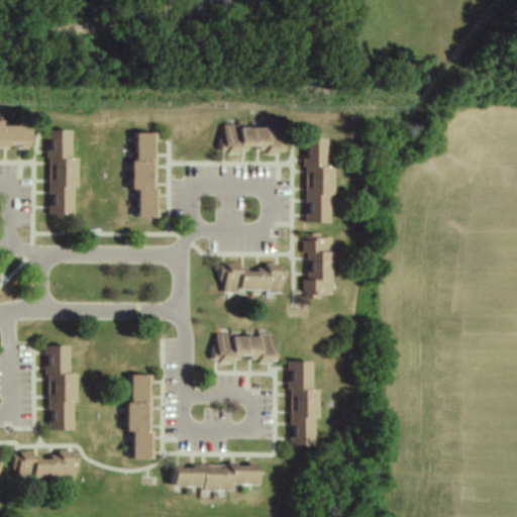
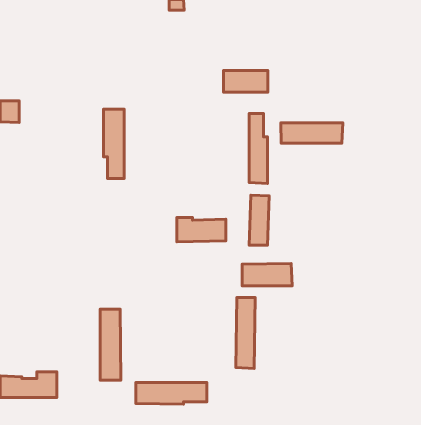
building: [222,125,276,151] -> [224,70,268,92]
building: [53,129,74,214] -> none
building: none -> [281,123,343,143]
building: [214,334,275,361] -> [242,263,292,286]
building: [48,345,71,430] -> none

